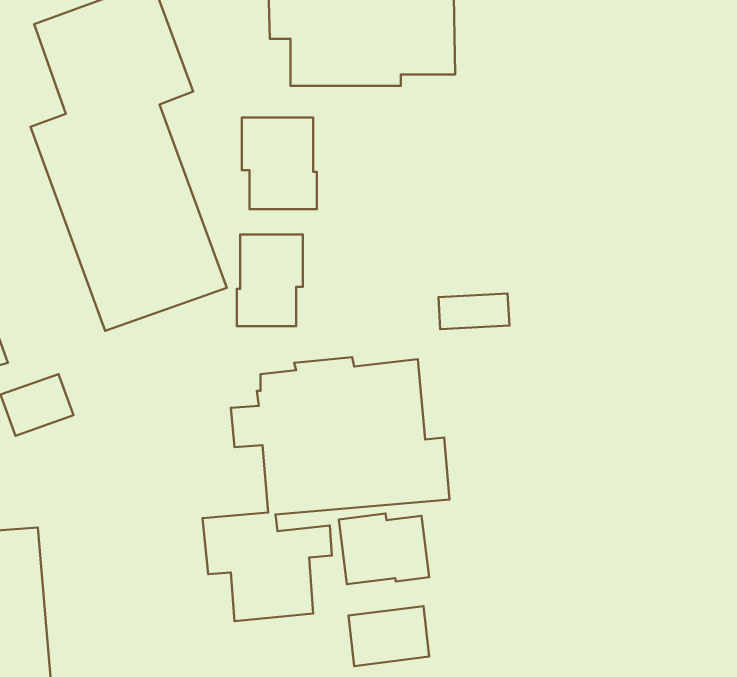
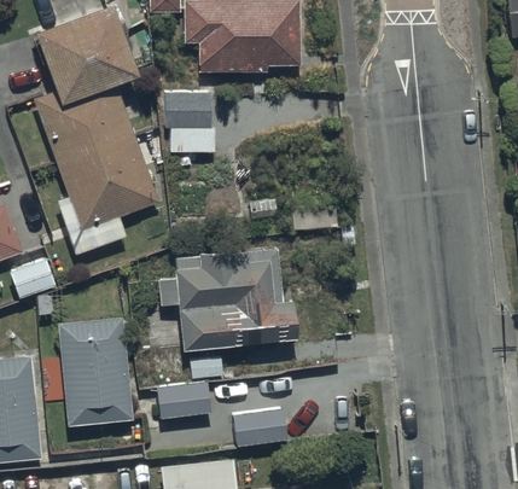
building: [237,235,303,326] -> none
building: none -> [59,318,134,426]
building: [339,514,429,584] -> none

